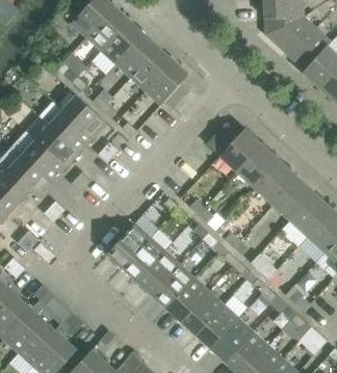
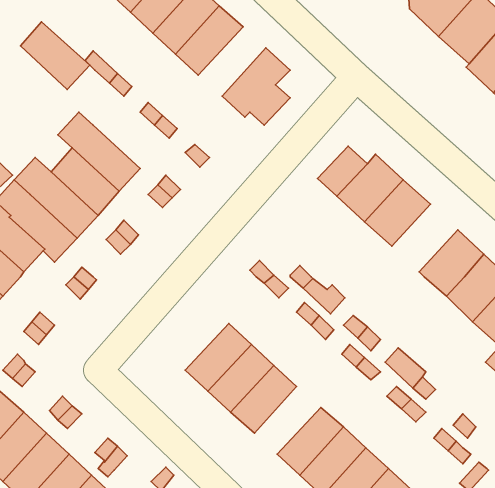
building: [130,47,174,91] -> none
building: [62,95,107,138] -> [20,22,90,90]
building: [255,161,297,205] -> none
building: [106,223,150,268] -> none
building: [166,278,209,322] -> none

